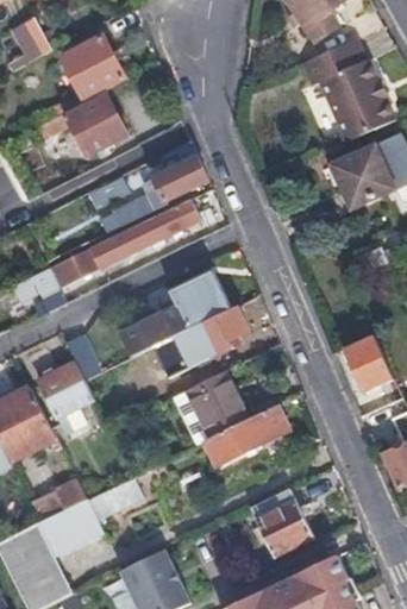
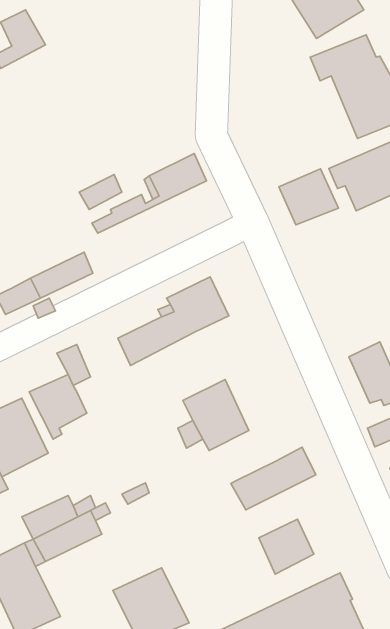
building: [64,36,124,95] -> none
building: [68,93,126,151] -> none
building: none -> [279,169,339,225]
building: [92,197,201,268] -> none
building: [194,306,248,358] -> none
building: [206,404,287,464] -> [231,447,316,510]

